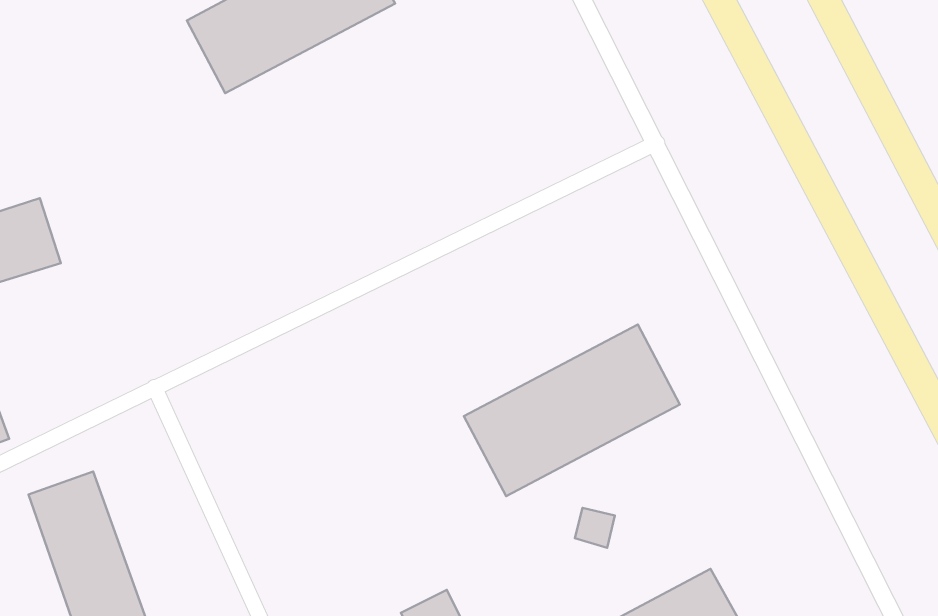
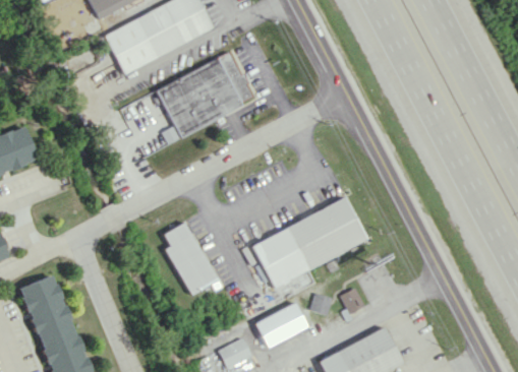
building: none -> [156,53,252,142]
building: none -> [165,223,218,294]
building: none -> [341,288,365,314]
building: none -> [255,303,307,347]

